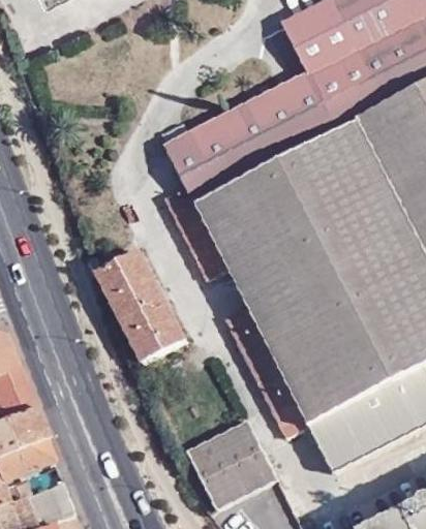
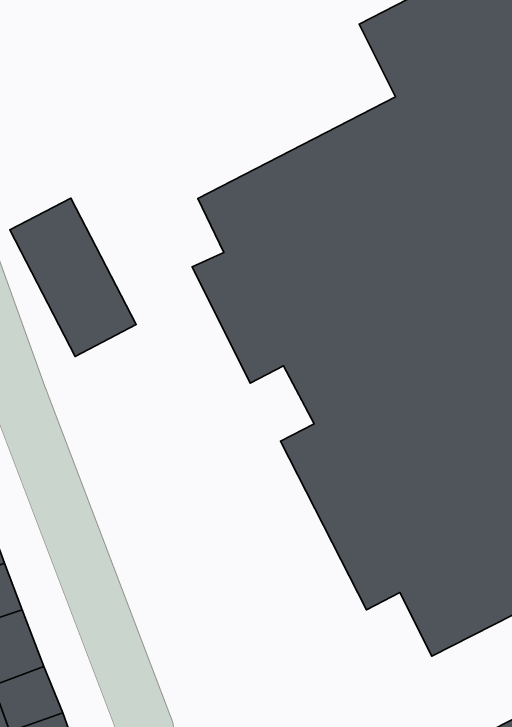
building: [93,246,183,359] -> [10,198,136,356]
building: [186,418,275,506] -> none

